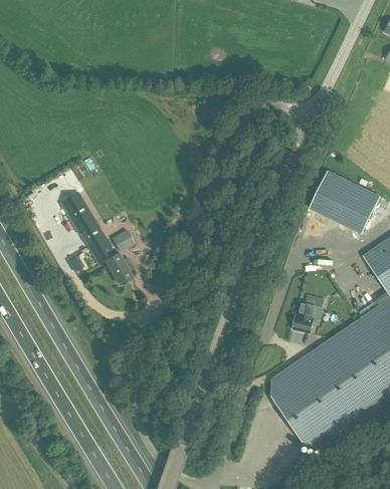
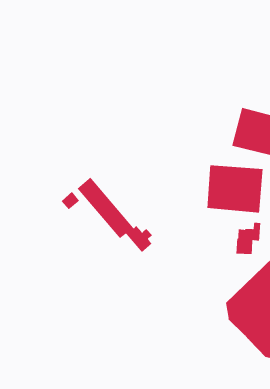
building: [61,193,135,284] -> [77,177,153,253]
building: none -> [207,165,263,213]

